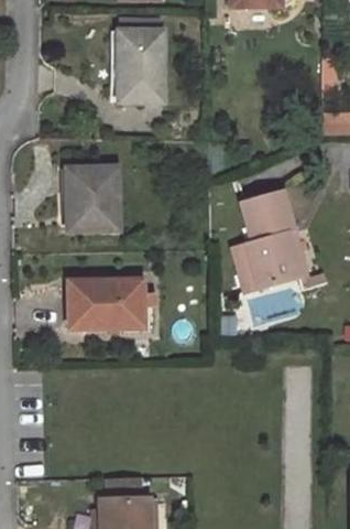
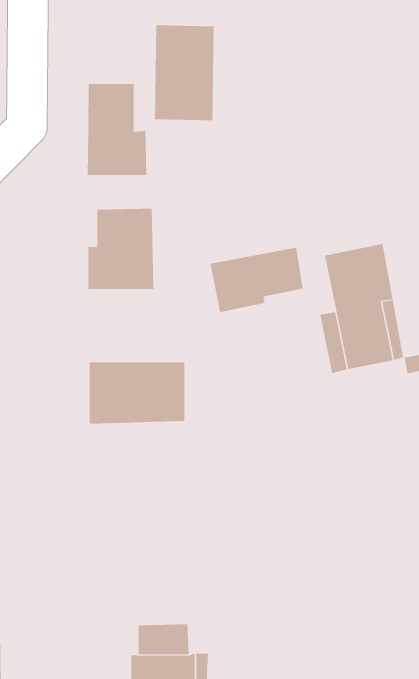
building: none -> [87,83,147,176]
building: none -> [210,247,303,313]

